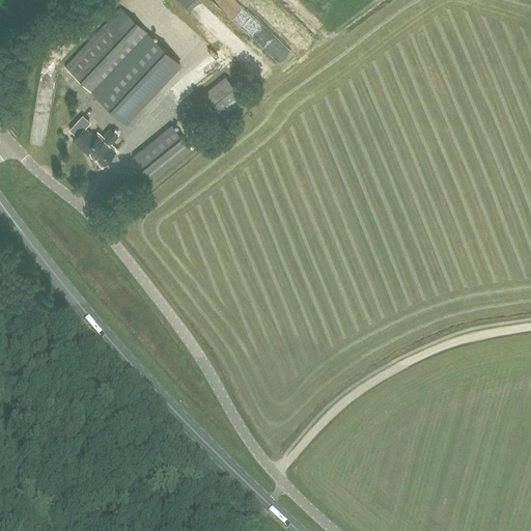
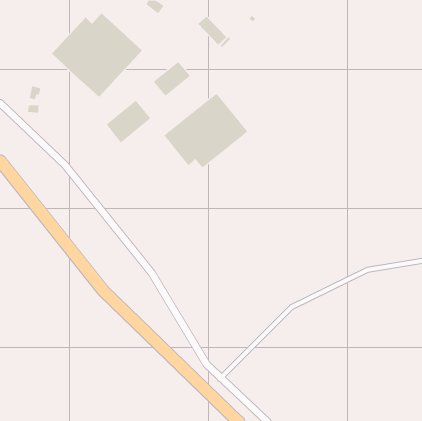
building: none -> [163,93,248,169]
building: [73,130,118,165] -> none

